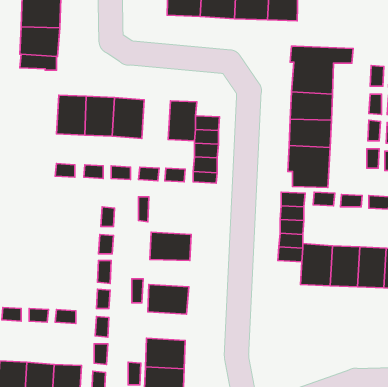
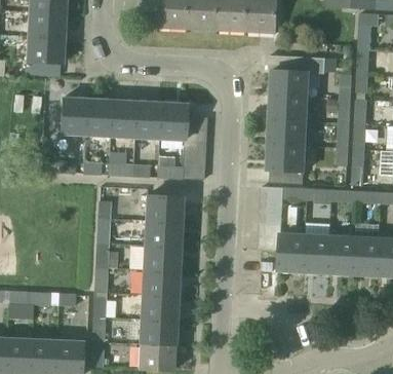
building: none -> [135,104,161,140]
building: none -> [144,196,181,225]
building: none -> [142,248,179,272]
building: none -> [140,295,175,321]

